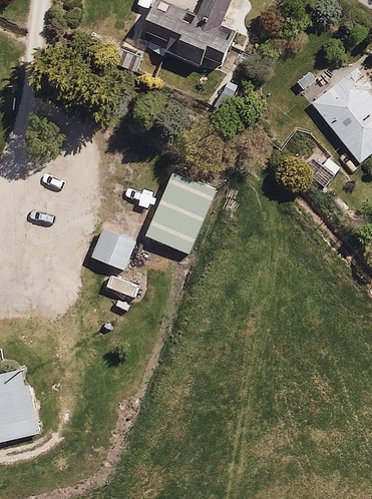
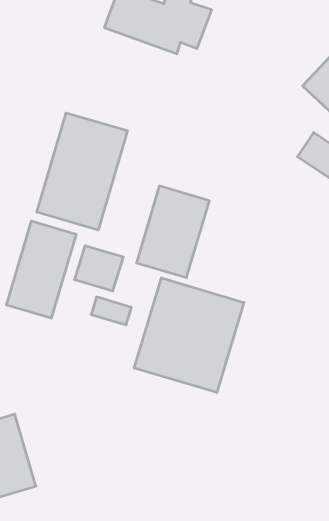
building: none -> [37,113,127,230]
building: none -> [7,221,76,318]
building: none -> [134,278,244,393]

